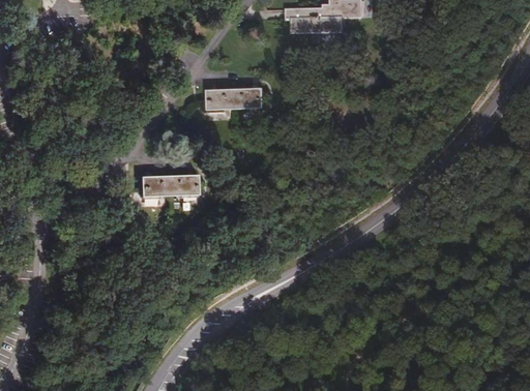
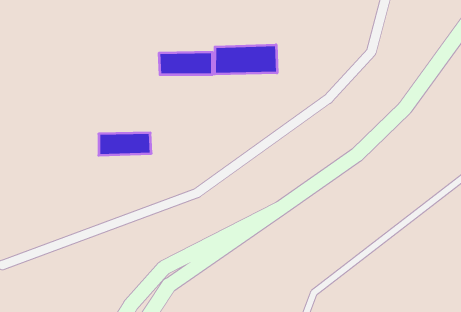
building: none -> [215,45,277,74]

